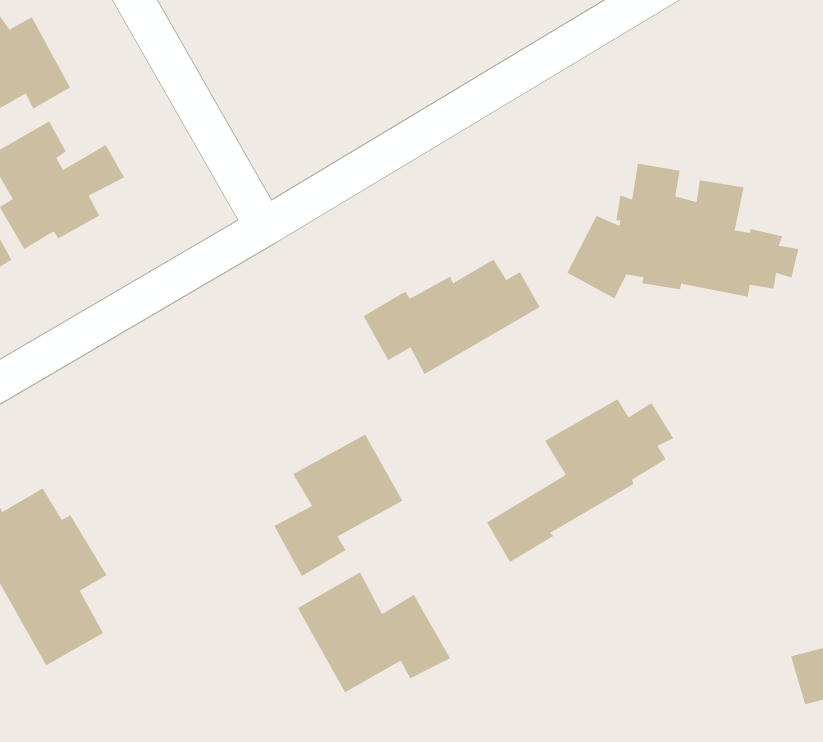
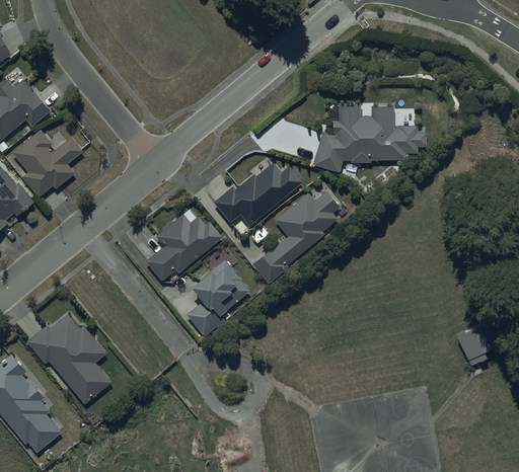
building: none -> [145,209,222,281]
building: [486,399,674,563] -> [252,191,340,284]
building: [297,572,451,693] -> none

